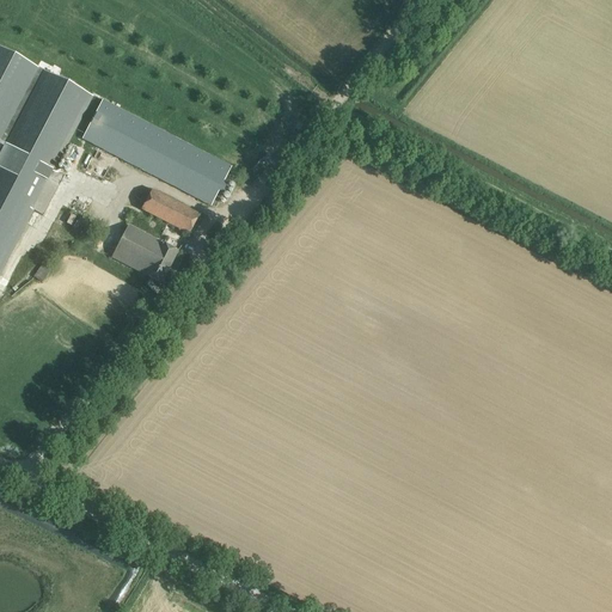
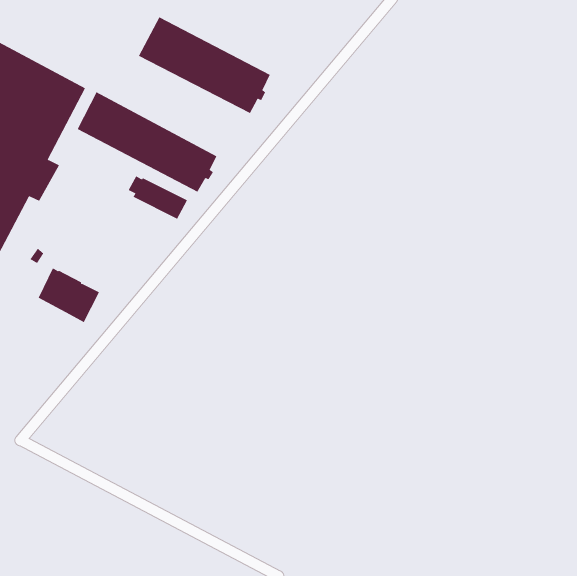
building: none -> [138,16,270,114]
building: [111,222,177,281] -> [38,267,100,323]

